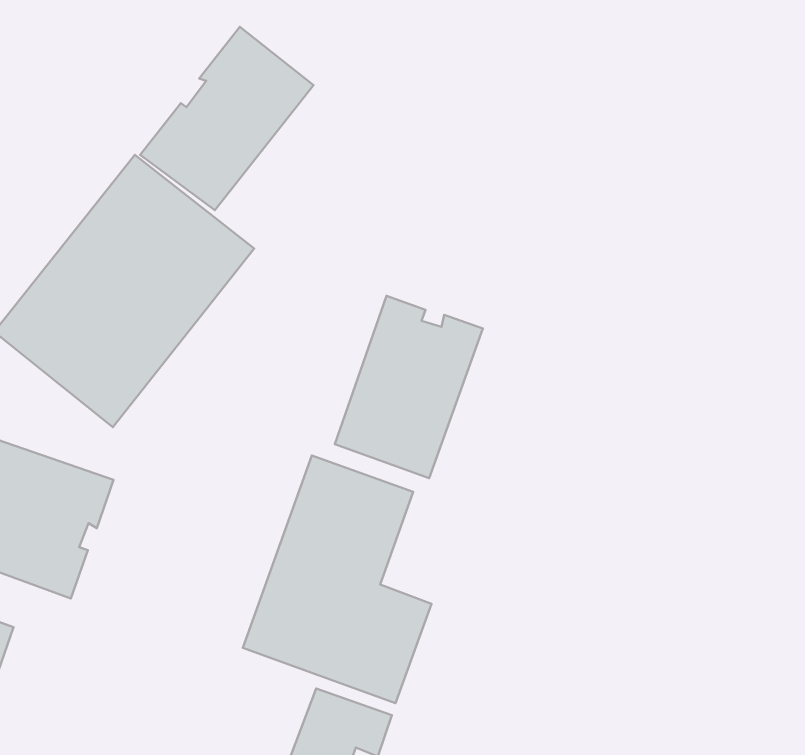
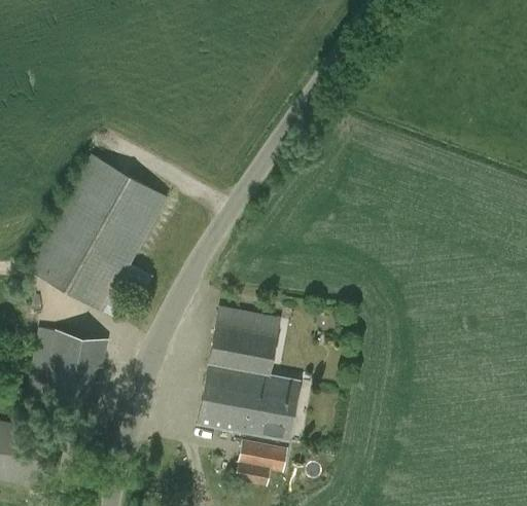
building: [140,27,314,210] -> none
building: [335,296,483,478] -> none

